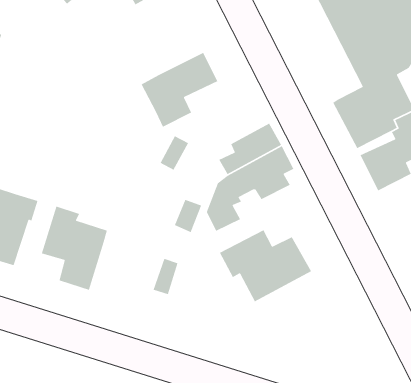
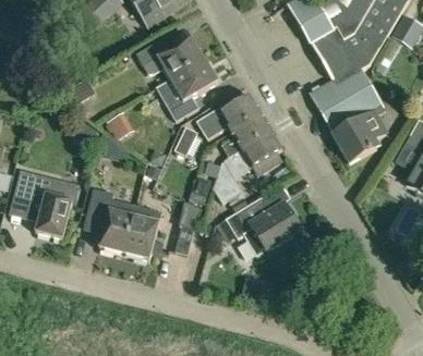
building: none -> [136,36,205,78]
building: none -> [196,95,261,138]
building: none -> [124,205,161,260]

